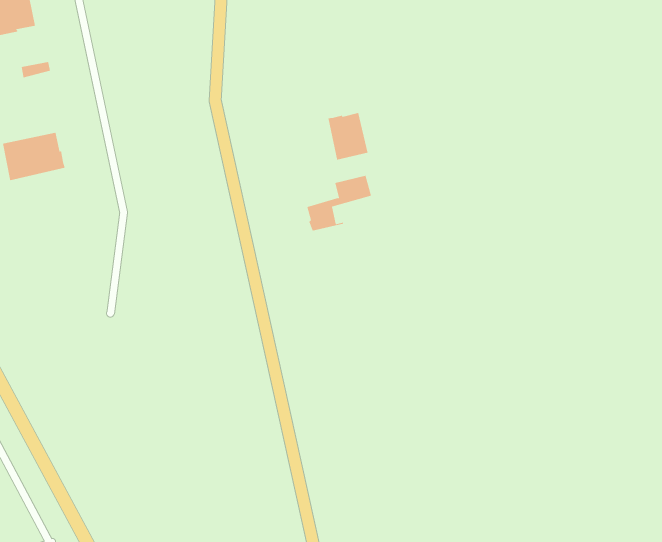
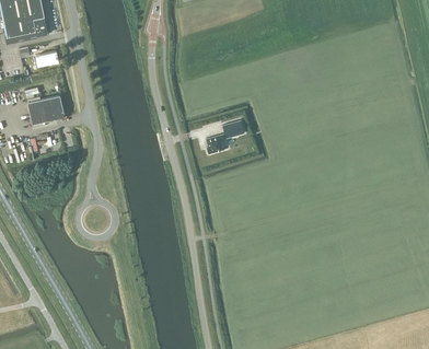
building: [328,112,368,161] -> none

